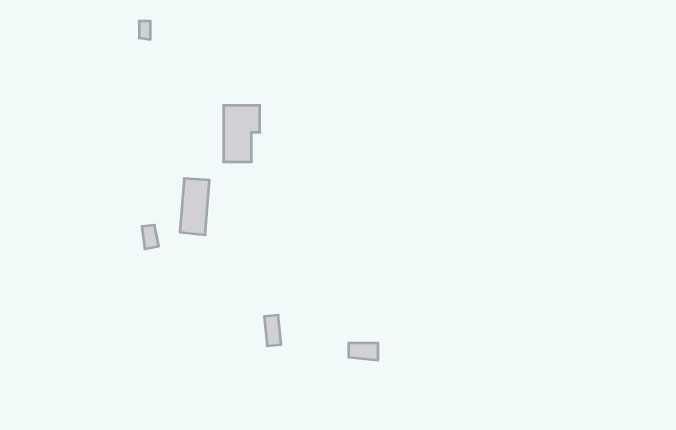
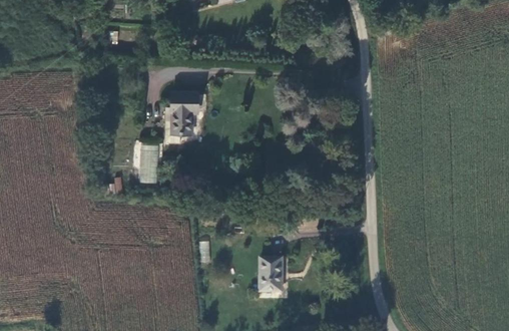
building: none -> [261,273,282,296]

